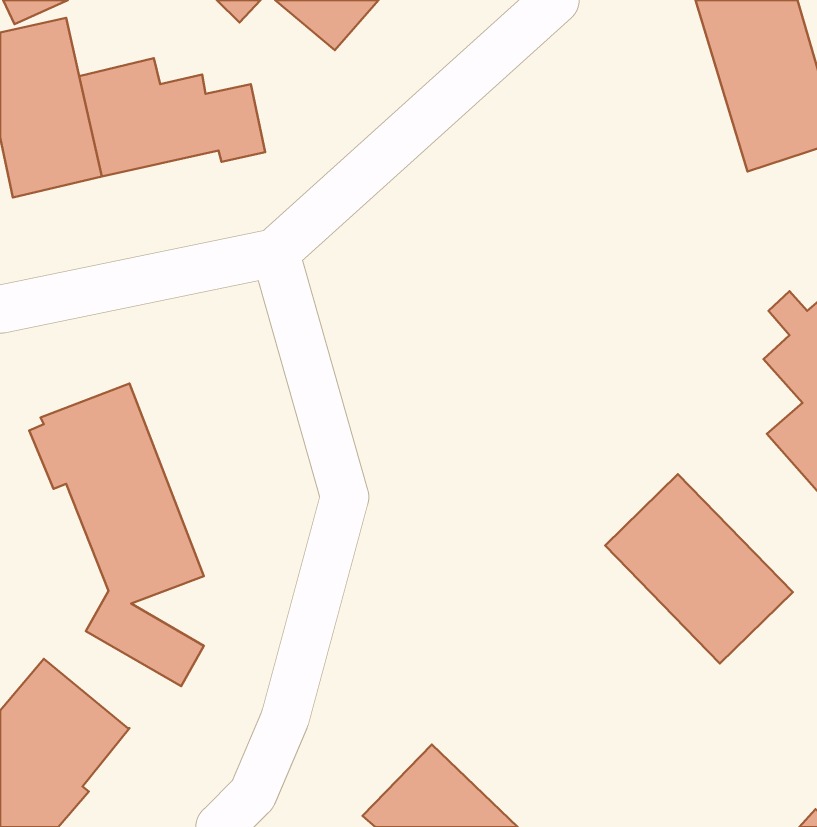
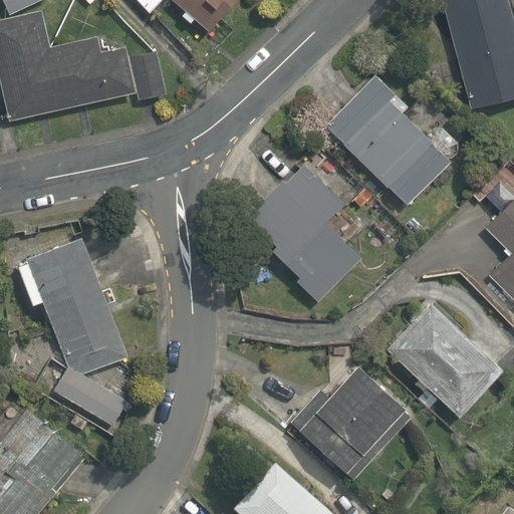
building: none -> [317,65,452,208]
building: none -> [236,152,359,302]
building: none -> [287,361,411,484]

